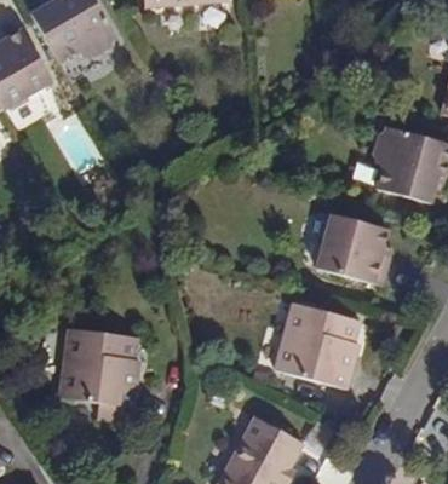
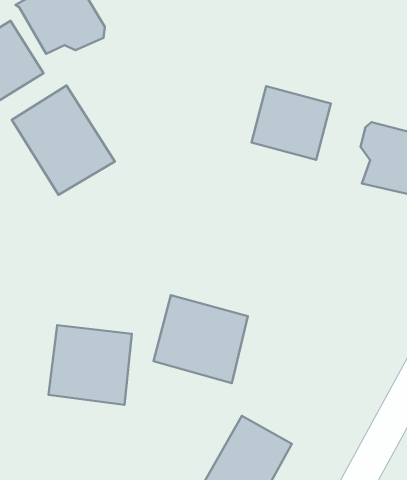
building: none -> [12,86,115,195]
building: [309,212,387,284] -> [251,86,331,160]
building: [270,302,363,390] -> [154,295,248,383]

